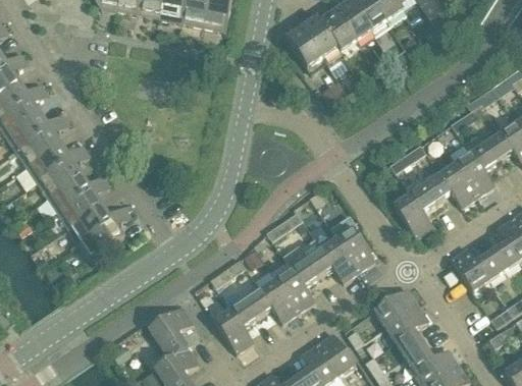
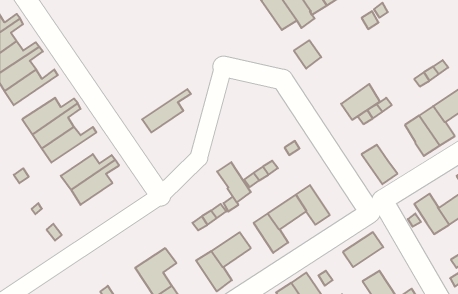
building: [16,118,68,166] -> none
building: [410,172,452,211] -> [341,84,380,120]
building: [57,180,110,227] -> [142,89,191,132]
building: [332,217,375,270] -> none
building: [261,278,298,322] -> [217,162,251,203]
building: [384,305,428,341] -> none

